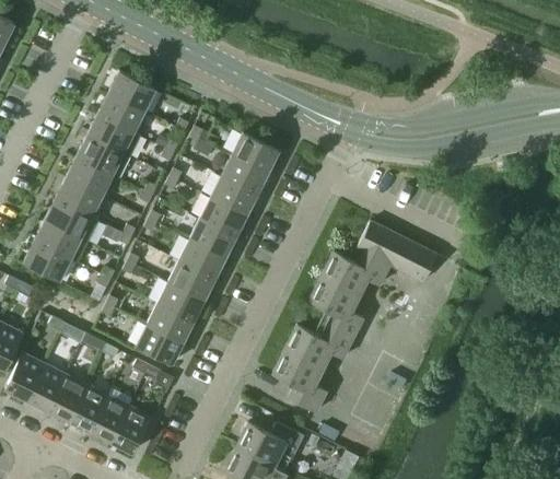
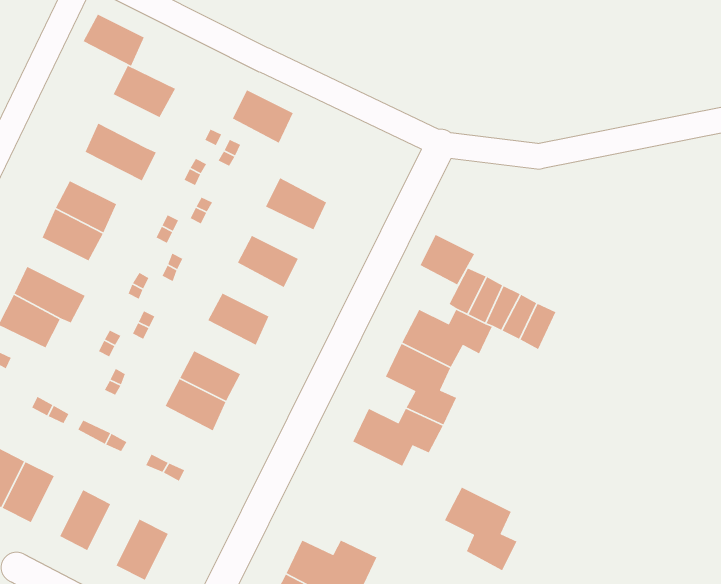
building: [97,94,143,133] -> [83,14,145,67]
building: [232,133,278,174] -> [232,89,294,144]
building: [77,137,130,179] -> none
building: [211,177,257,215] -> none
building: none -> [420,234,475,285]
building: [45,200,98,243] -> none
building: [189,219,235,258] -> none
building: [168,261,214,301] -> none
building: [136,325,183,365] -> none
building: [272,351,327,413] -> [444,487,518,571]
building: [48,376,86,421] -> none
building: [90,397,128,443] -> none

